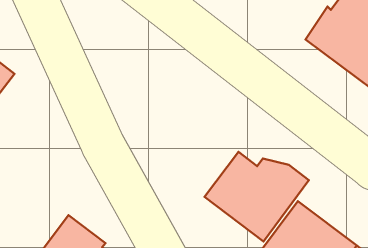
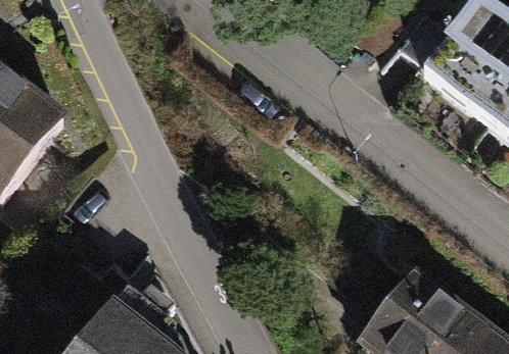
building: [205,152,309,241] -> none

